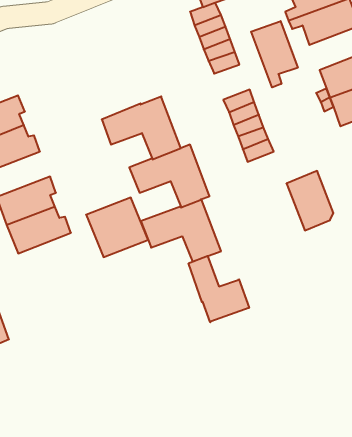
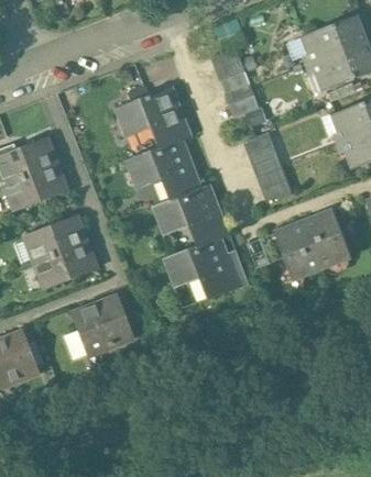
building: [251,21,298,87] -> none
building: none -> [114,87,190,146]
building: none -> [274,222,320,276]
building: [86,198,148,257] -> [73,297,132,354]
building: [189,256,249,322] -> none

